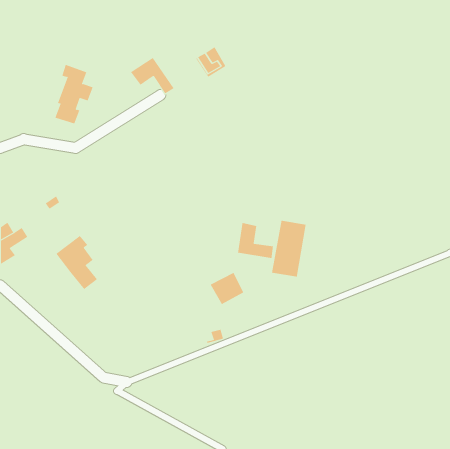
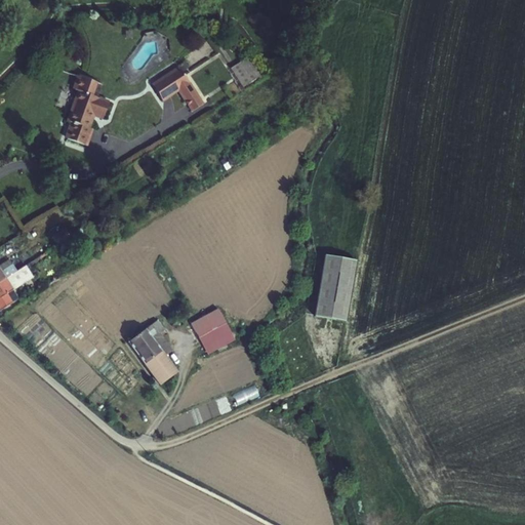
building: [238,222,273,259] -> none
building: [56,235,98,290] -> [128,320,177,383]
building: [210,272,244,305] -> [191,309,231,347]

